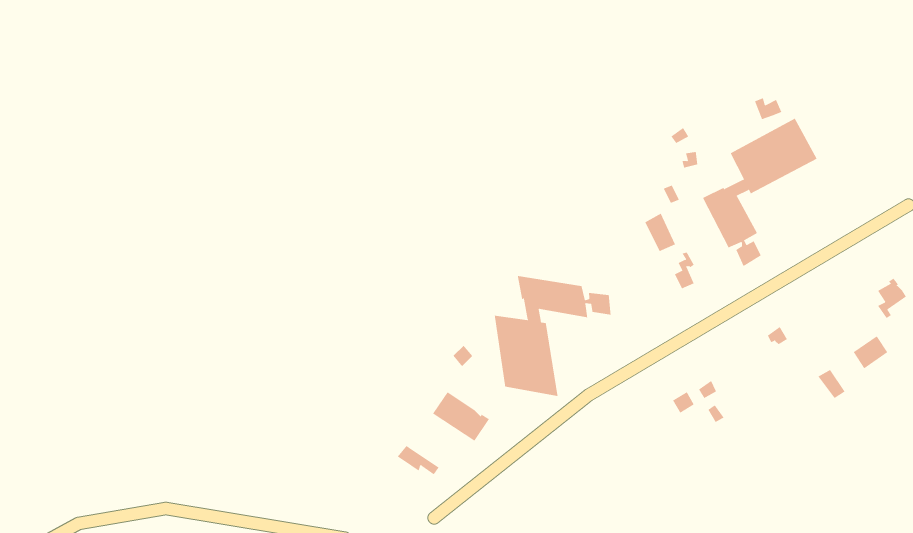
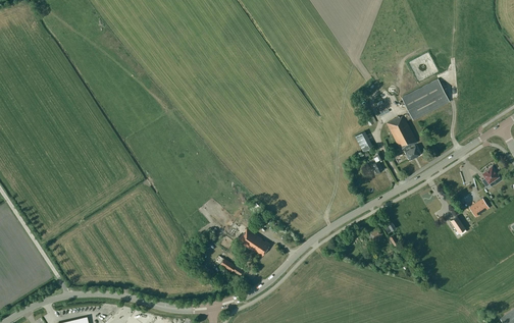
building: [494,275,611,397] -> none

